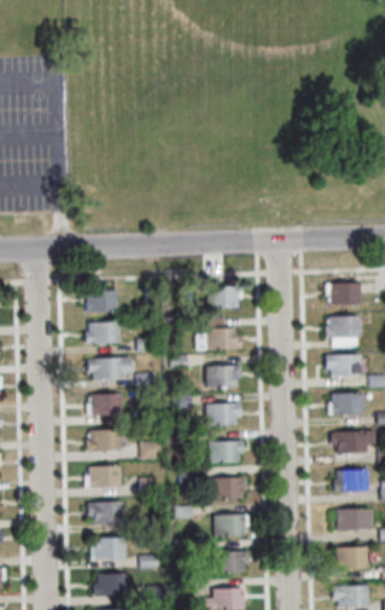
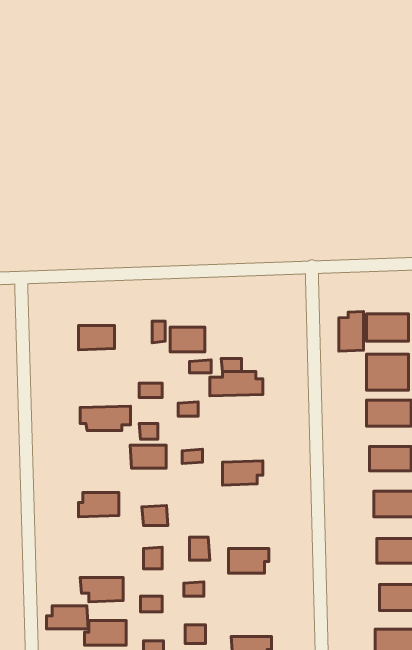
building: none -> [339,312,364,351]
building: [208,286,237,307] -> [170,327,205,352]
building: [84,324,119,343] -> none
building: [206,366,240,388] -> none
building: [91,395,121,414] -> [130,445,166,468]
building: [208,442,243,463] -> none
building: [84,467,119,487] -> [46,606,88,629]
building: [214,516,249,536] -> none

